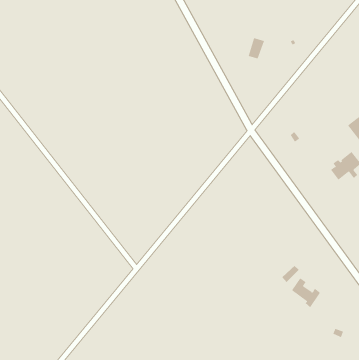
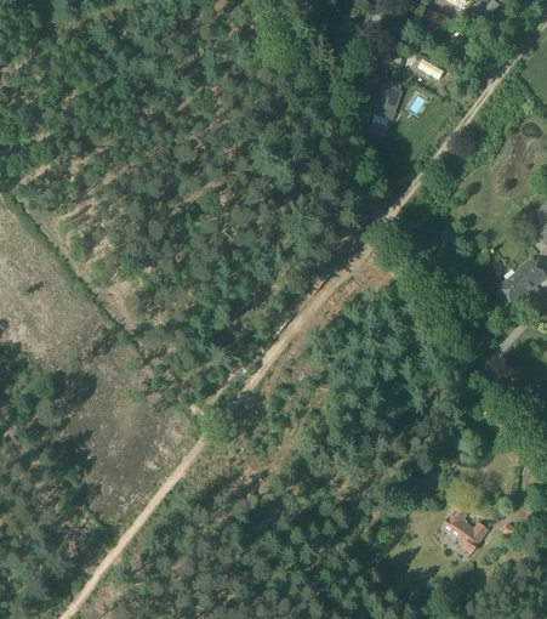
building: [291,277,321,308] -> [443,506,488,552]

